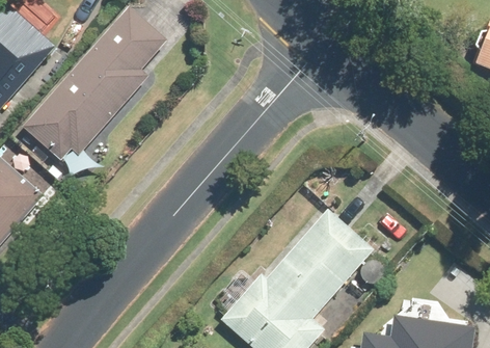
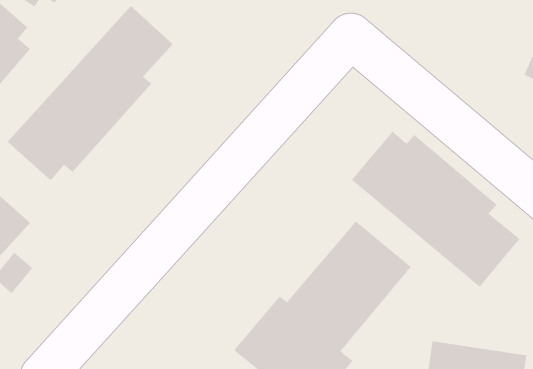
building: none -> [351,130,521,288]

